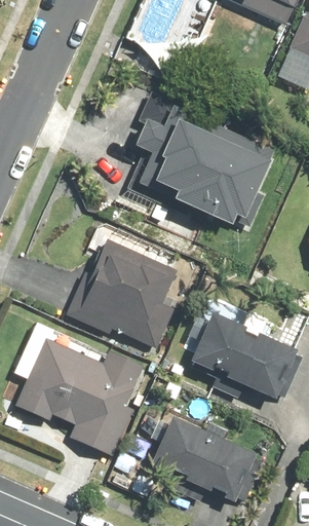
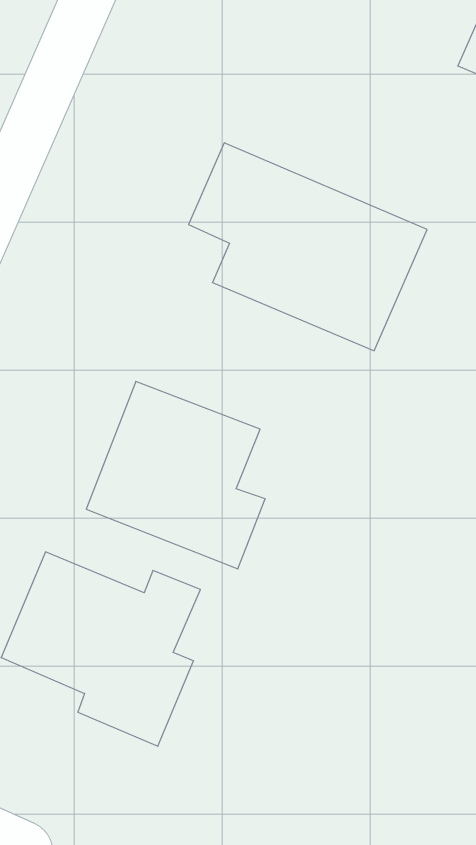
building: [192,318,300,397] -> none
building: [149,418,266,504] -> none

